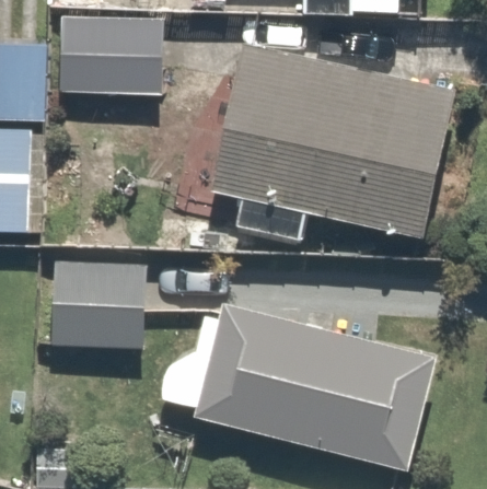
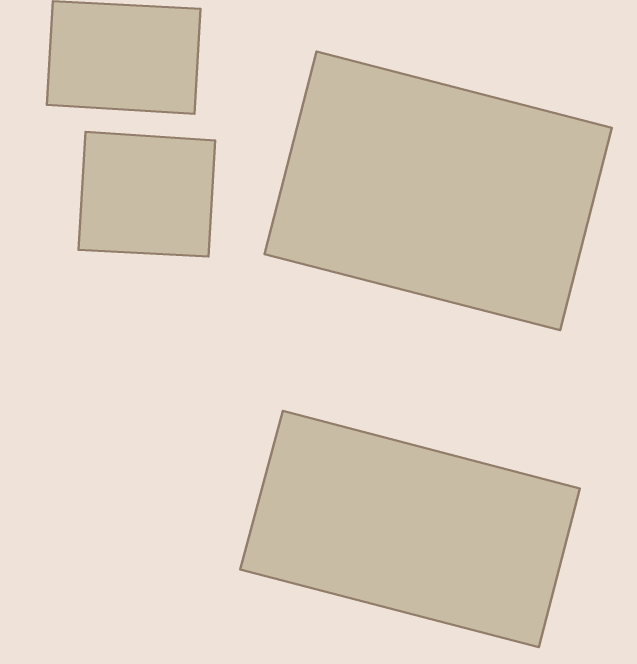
building: none -> [79,132,215,257]
building: [47,253,144,352] -> none

